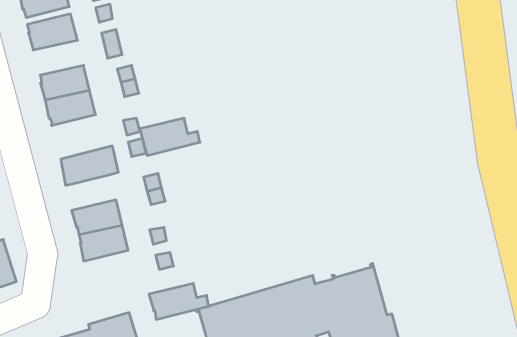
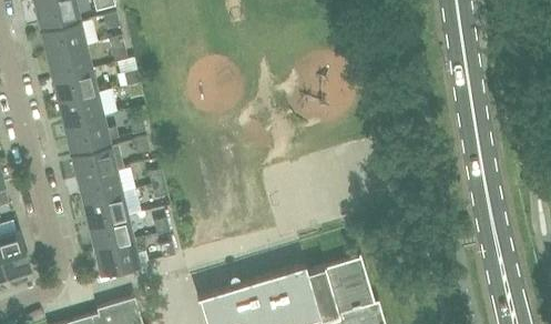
building: none -> [47,49,93,81]
building: [140,118,200,155] -> [63,118,119,152]
building: none -> [76,173,123,206]
building: [149,283,209,319] -> [93,243,149,276]

